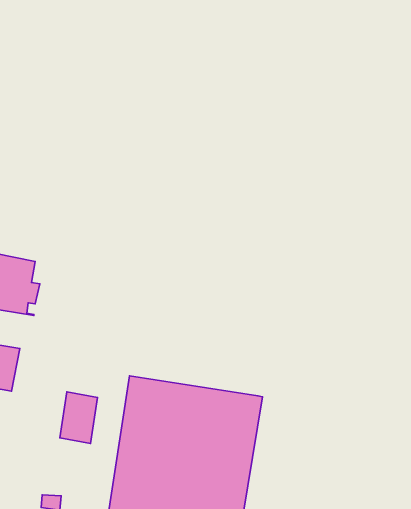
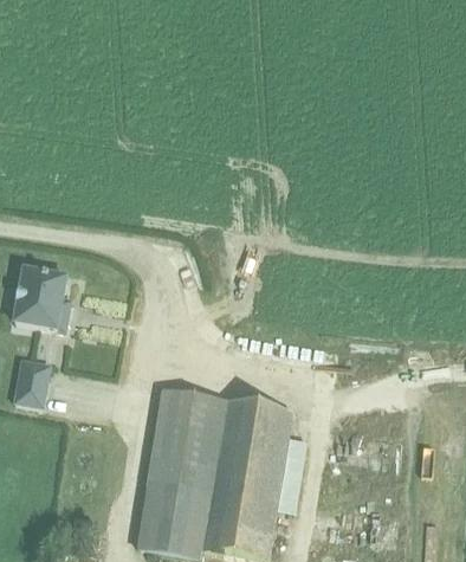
building: [60,392,98,443] -> none

